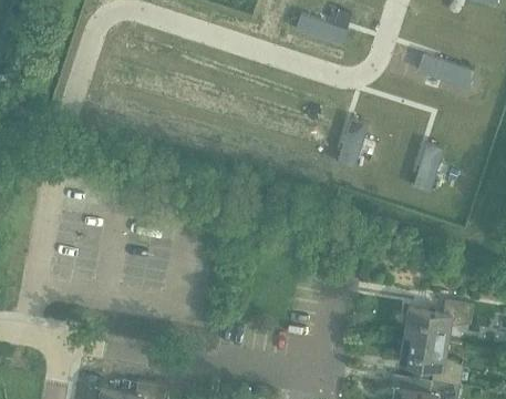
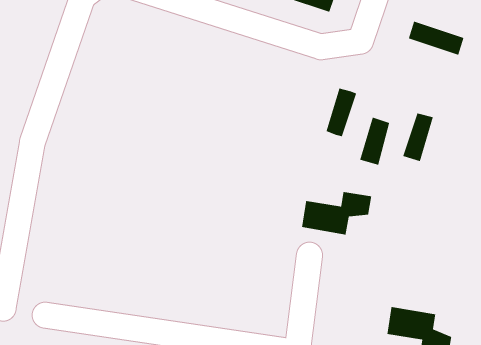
building: none -> [359,117,390,166]
building: [402,297,472,340] -> [301,191,372,235]

